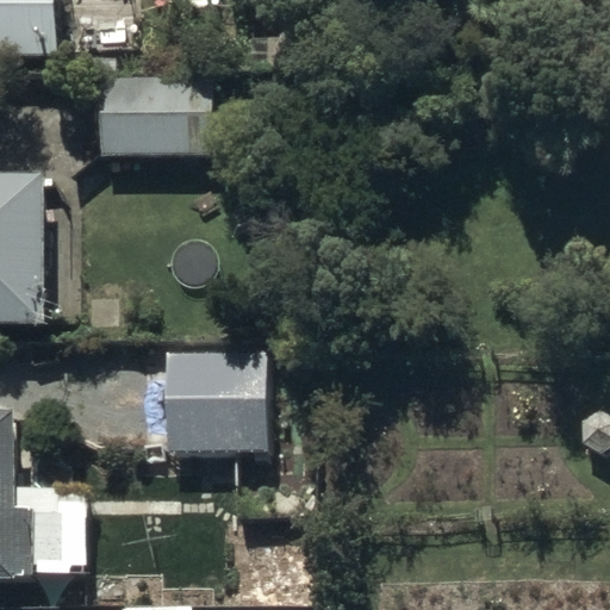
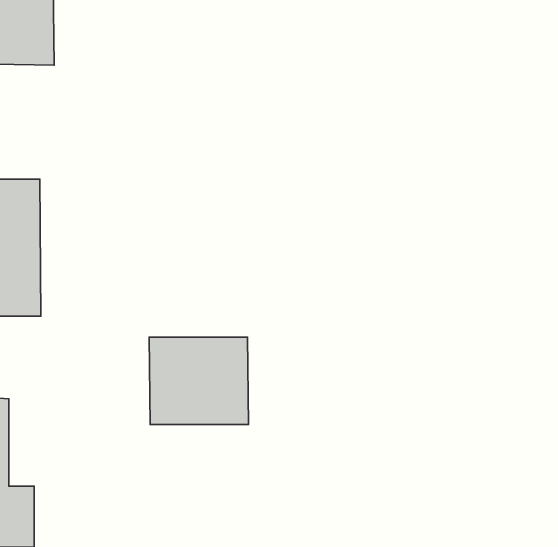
building: [99,91,207,164] -> none

